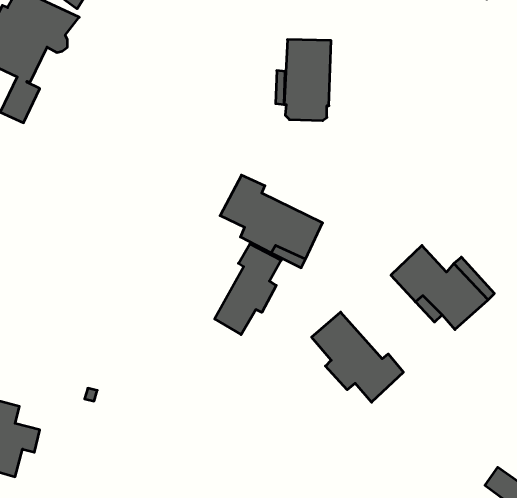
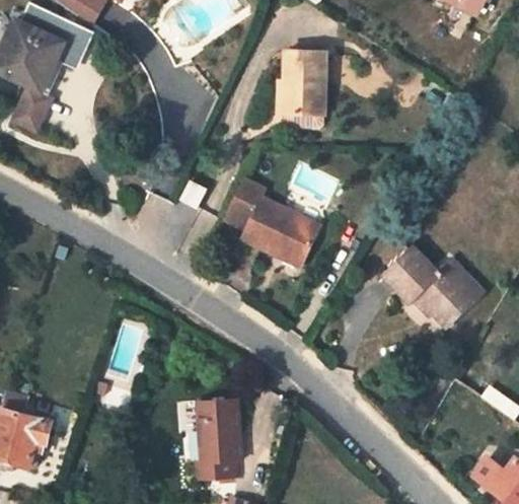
building: [215,244,281,335] -> none
building: [312,312,403,402] -> none
building: none -> [195,401,242,479]

